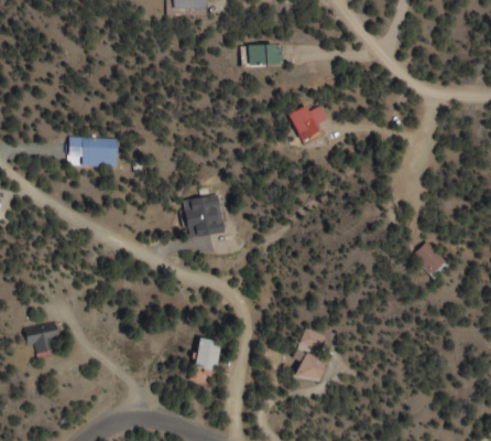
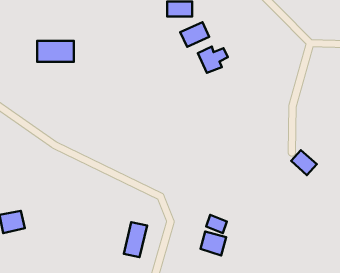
building: none -> [180,22,209,47]
building: [68,138,117,165] -> [37,41,74,62]
building: [184,195,223,236] -> none

